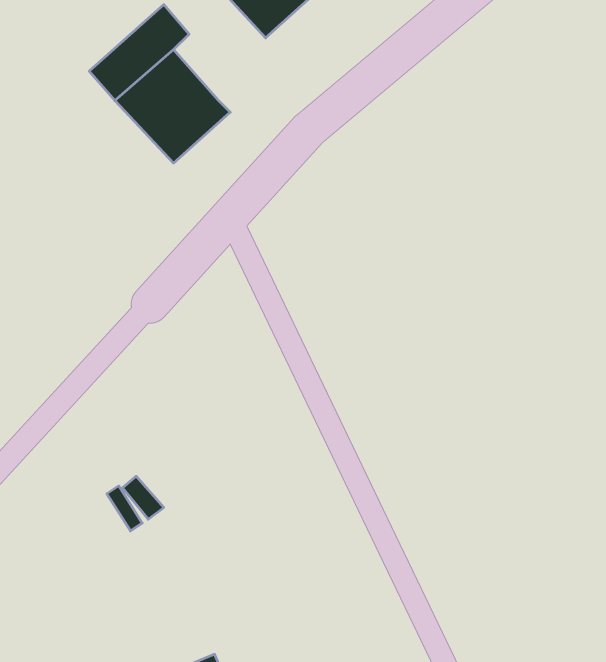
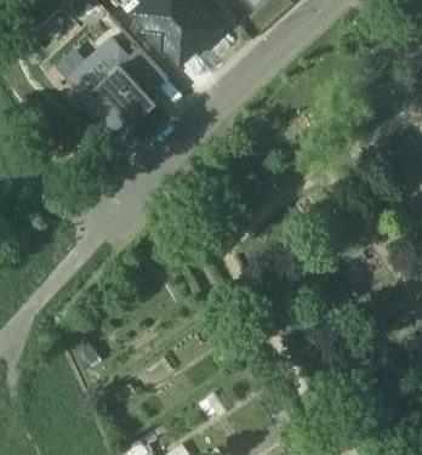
building: none -> [119,45,167,96]

